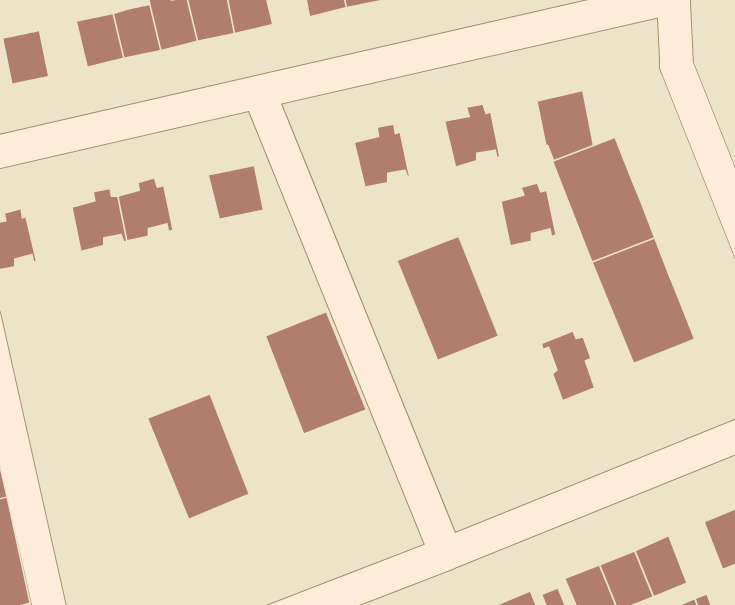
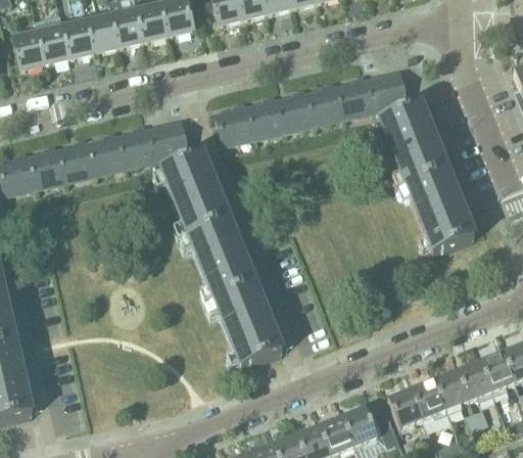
building: none -> [40,27,72,63]
building: none -> [280,88,317,130]
building: none -> [219,102,256,144]
building: none -> [123,125,159,166]
building: [501,183,556,246] -> [340,75,377,117]
building: none -> [31,144,67,186]
building: [396,236,499,361] -> [162,153,231,236]
building: [541,331,595,401] -> none
building: [147,394,250,520] -> [216,285,284,369]
building: none -> [459,360,494,401]

